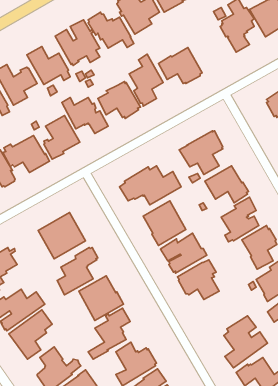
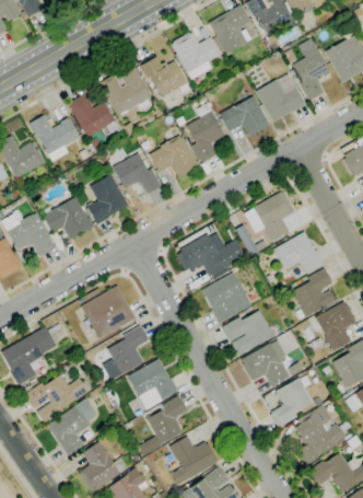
building: none -> [256,73,306,123]
building: none -> [270,378,314,428]

